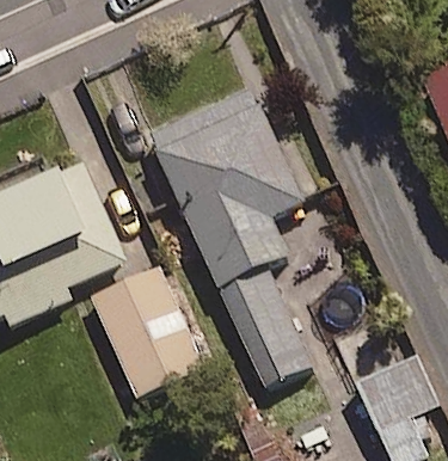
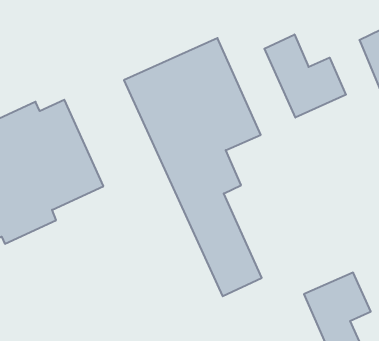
building: none -> [264,34,346,118]
building: [91,265,208,395] -> none

